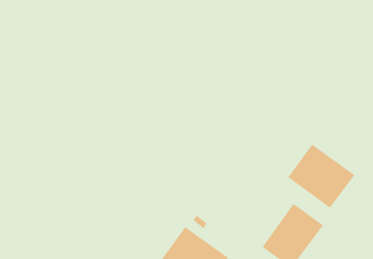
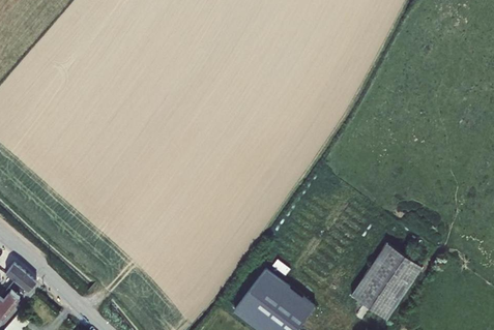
building: [288,144,355,209] -> none

